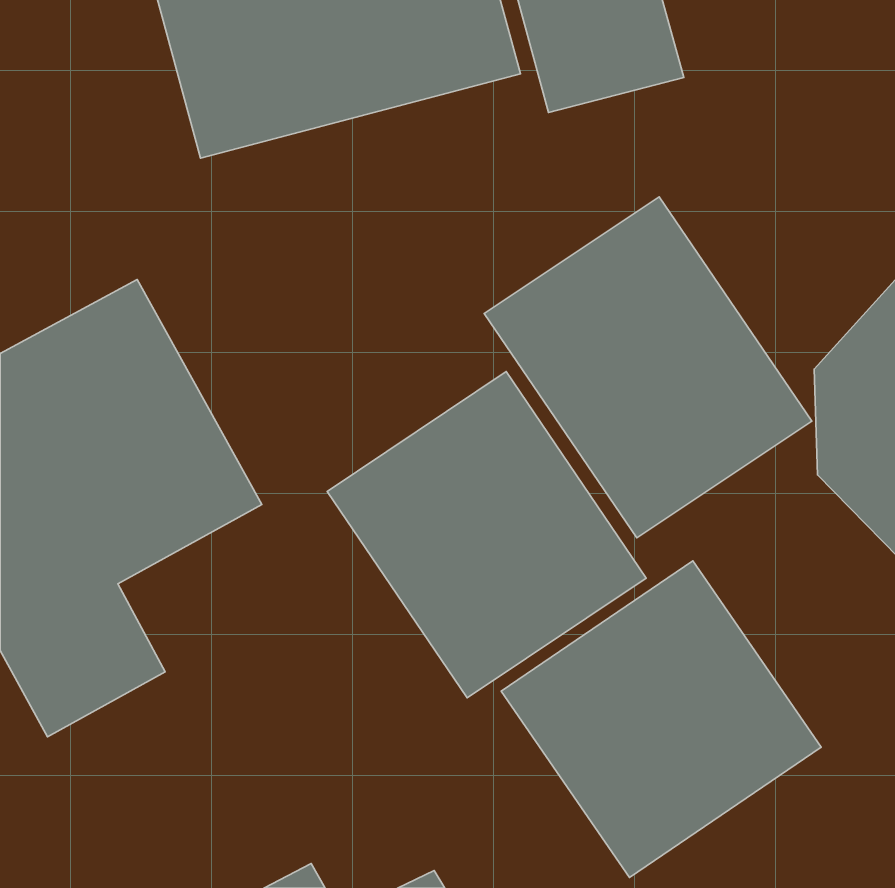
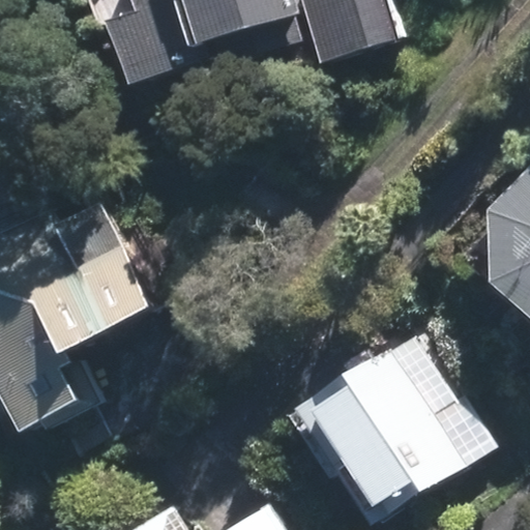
building: [484,197,812,538] -> none
building: [327,372,646,698] -> none

